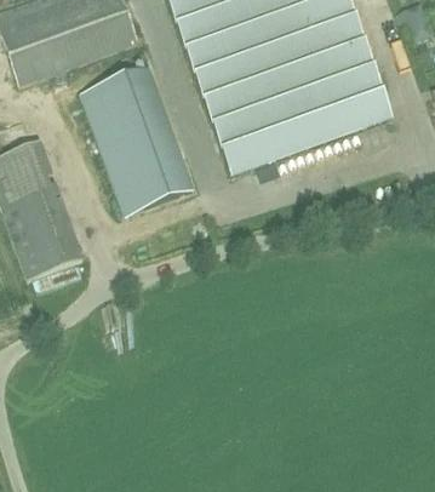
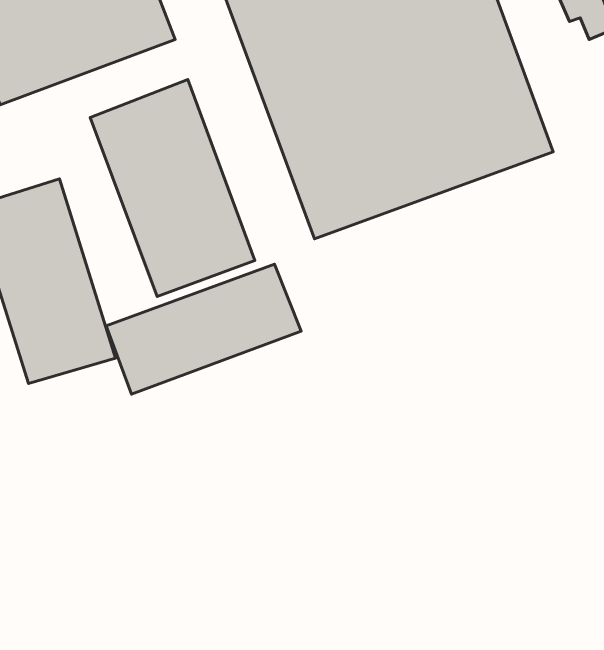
building: none -> [106,264,301,394]

